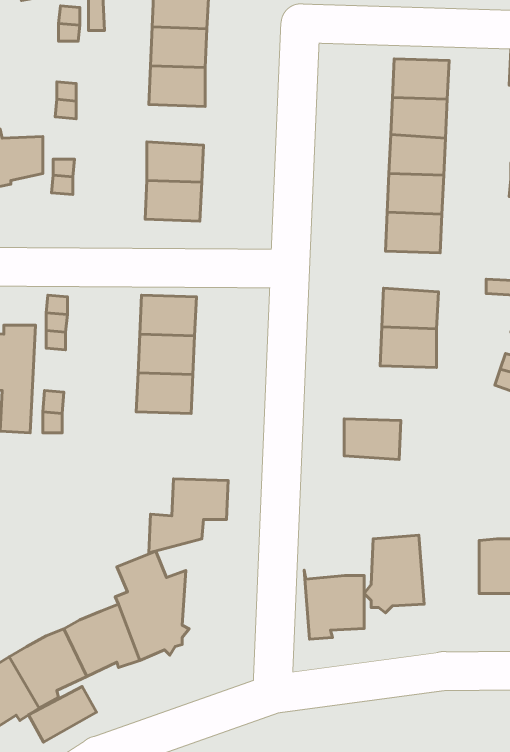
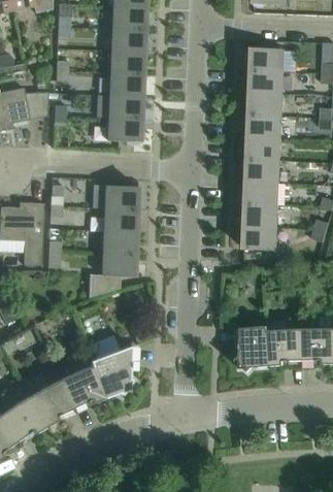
building: none -> [108,73,142,97]
building: none -> [246,159,279,183]
building: [344,419,401,459] -> [244,226,277,250]
building: [149,479,228,553] -> [88,253,134,296]
building: [304,570,364,639] -> [267,325,302,365]
building: [28,686,96,742] -> none

